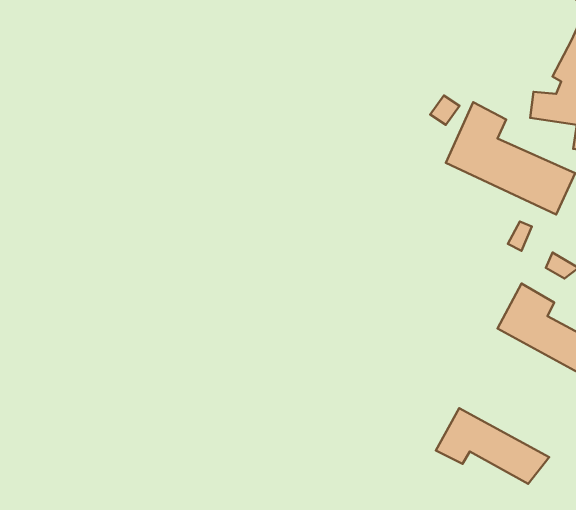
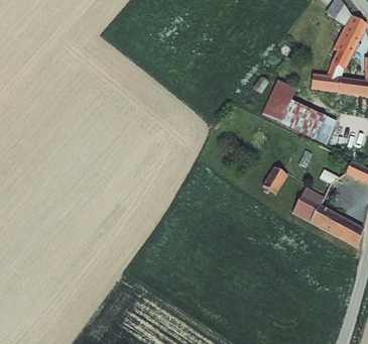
building: none -> [263,165,289,194]
building: [436,408,549,484] -> none

